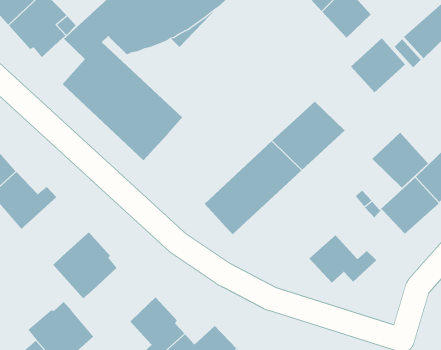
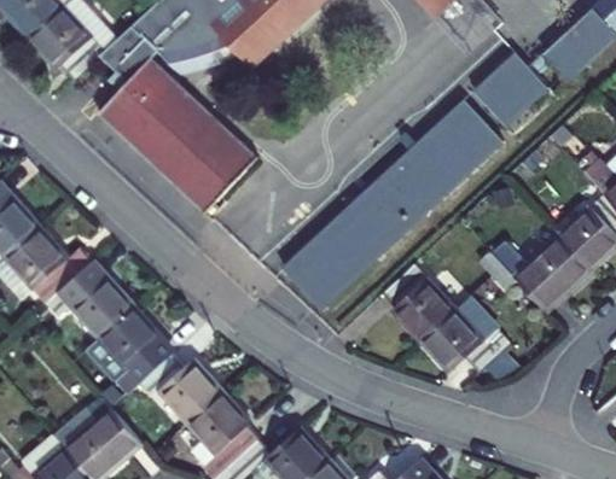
building: [371,132,429,189] -> [428,100,502,174]
building: none -> [45,261,133,337]
building: none -> [382,264,454,340]
building: none -> [139,352,220,421]

